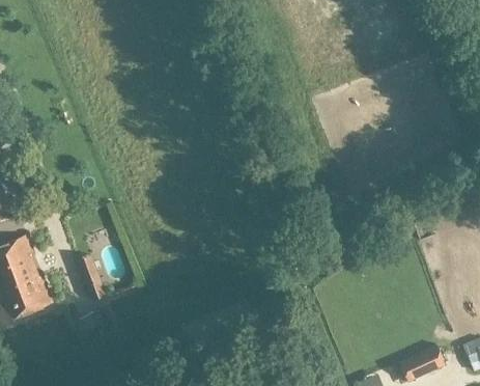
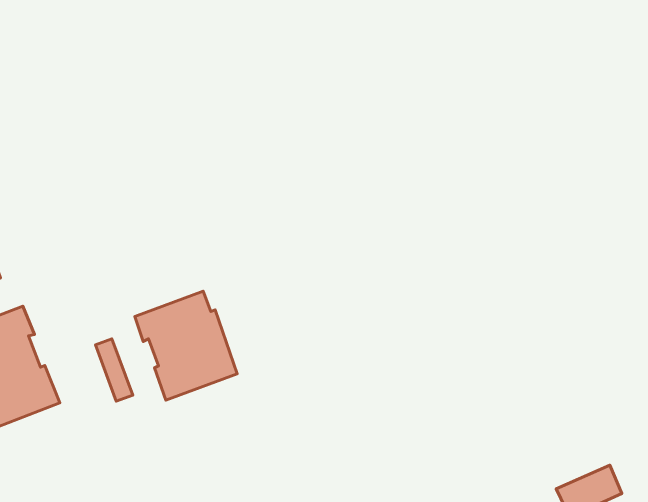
building: none -> [135,291,237,400]

